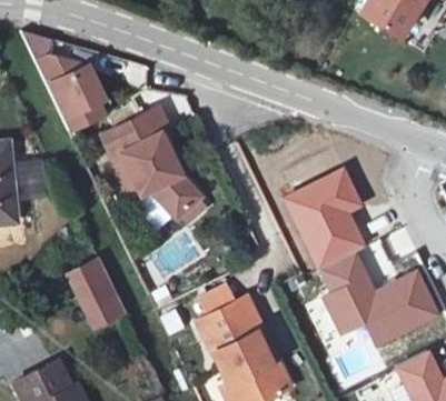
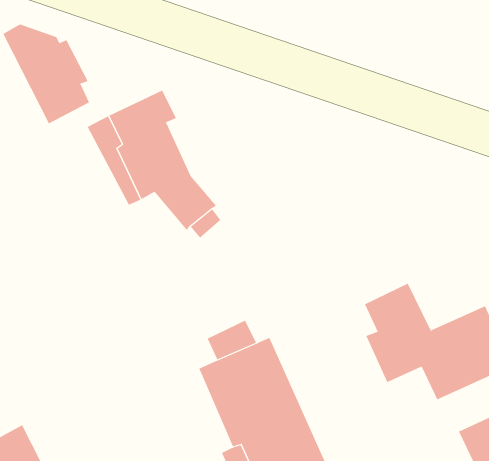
building: [283,168,364,269] -> none
building: [65,258,129,334] -> none

